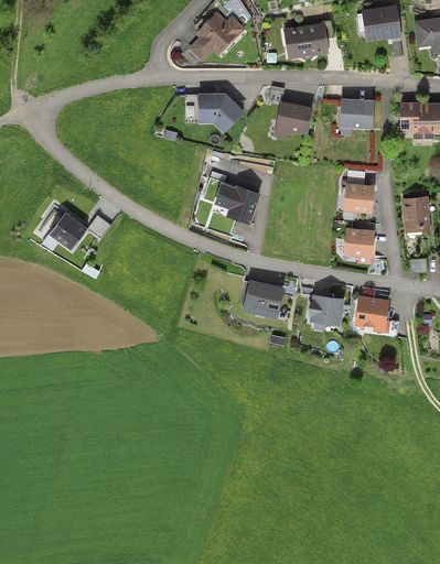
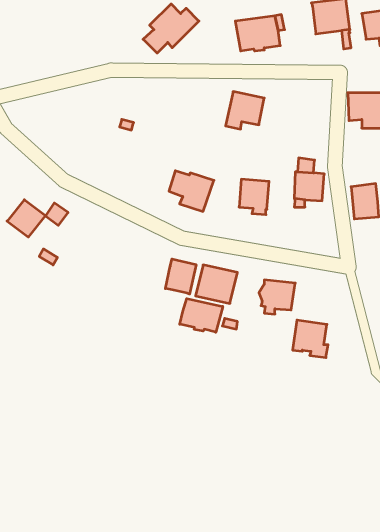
building: [197,94,244,134] -> none
building: [339,98,374,135] -> none
building: [343,228,374,264] -> [239,179,269,215]
building: none -> [165,259,196,294]
building: [354,295,390,334] -> [293,320,328,358]
building: none -> [180,299,223,332]

